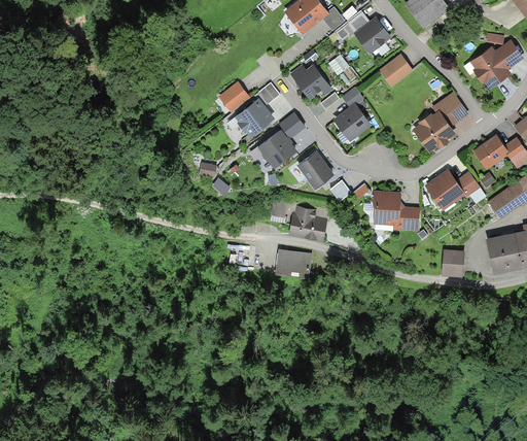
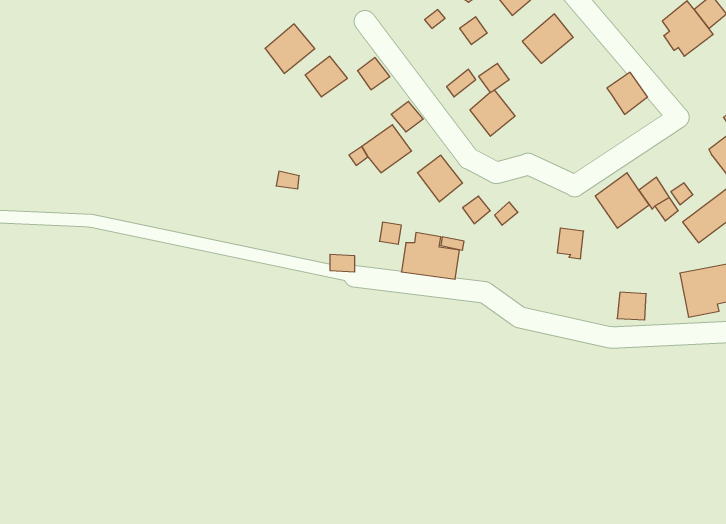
building: [292,67,332,100] -> none
building: [238,101,273,136] -> [265,24,315,73]
building: [414,110,451,147] -> none
building: [478,139,508,168] -> none
building: [373,190,398,222] -> none
building: [278,250,312,280] -> none

